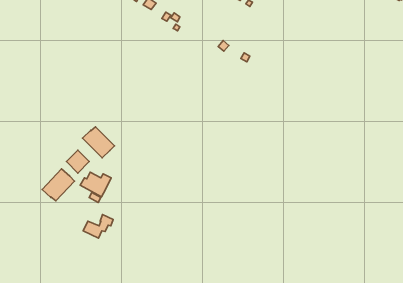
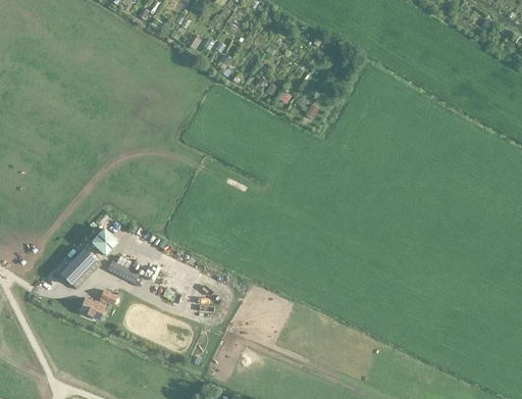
building: [82,127,115,158] -> none
building: [83,214,113,238] -> [76,289,114,318]

